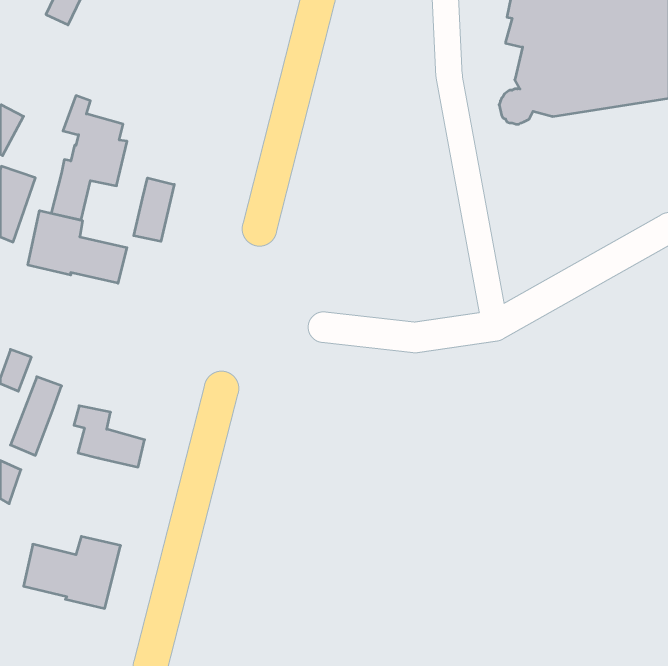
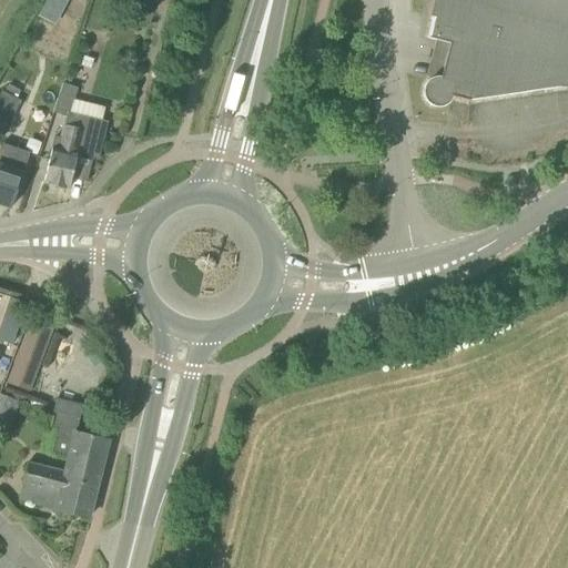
building: [134,178,174,241] -> none
building: [28,211,127,283] -> none
building: [74,406,145,467] -> [49,410,109,463]

